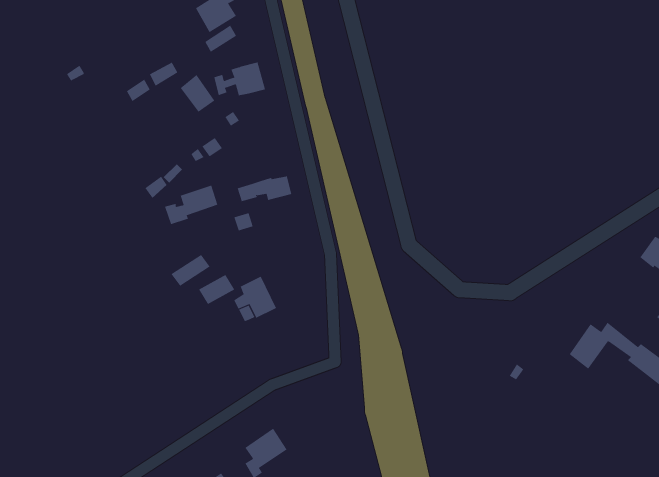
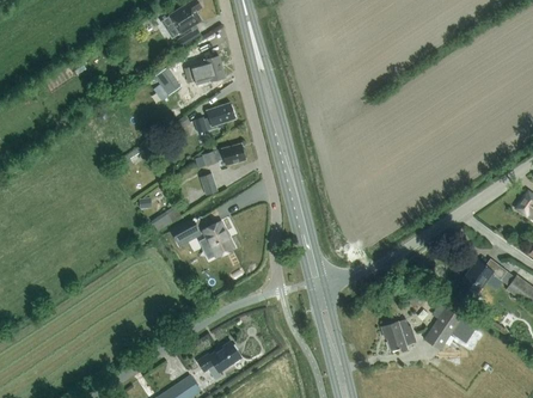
building: [164,185,218,225] -> [194,103,235,134]
building: none -> [424,307,476,350]
building: none -> [381,319,416,353]

